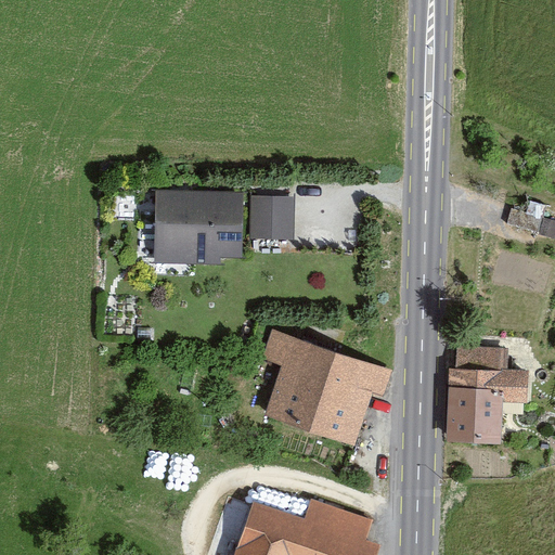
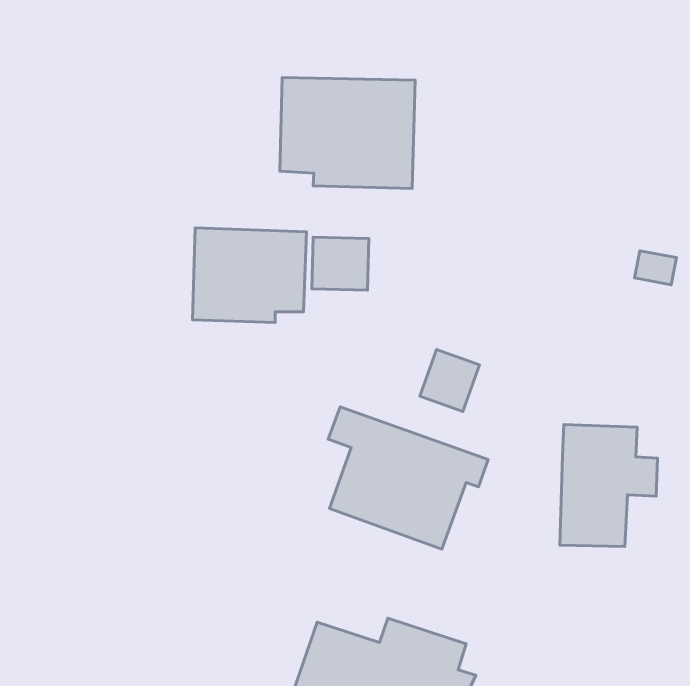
building: none -> [280,77,415,188]
building: none -> [420,349,480,412]

